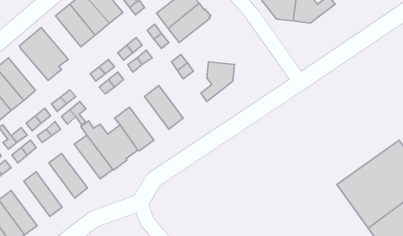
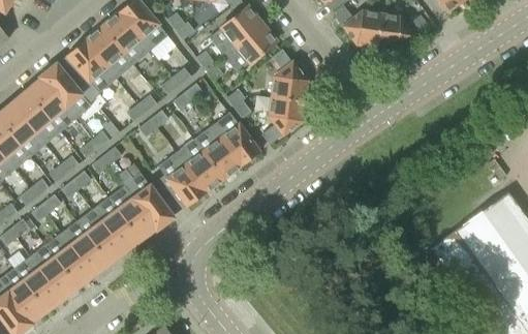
building: none -> [67,40,116,93]
building: none -> [273,50,307,100]
building: none -> [27,80,75,132]
building: none -> [212,113,260,166]
building: none -> [176,140,224,193]
building: none -> [92,199,139,252]
building: none -> [61,221,108,276]
building: none -> [30,244,77,299]

